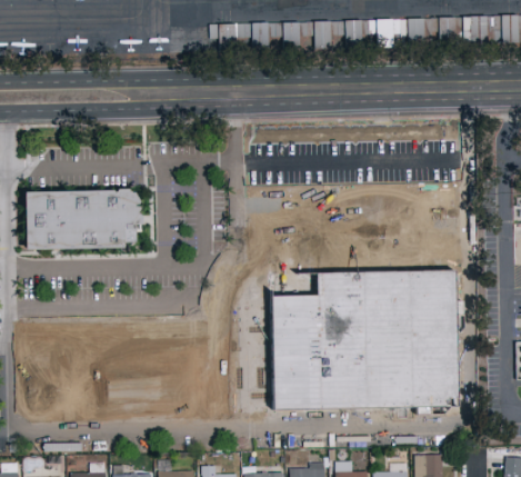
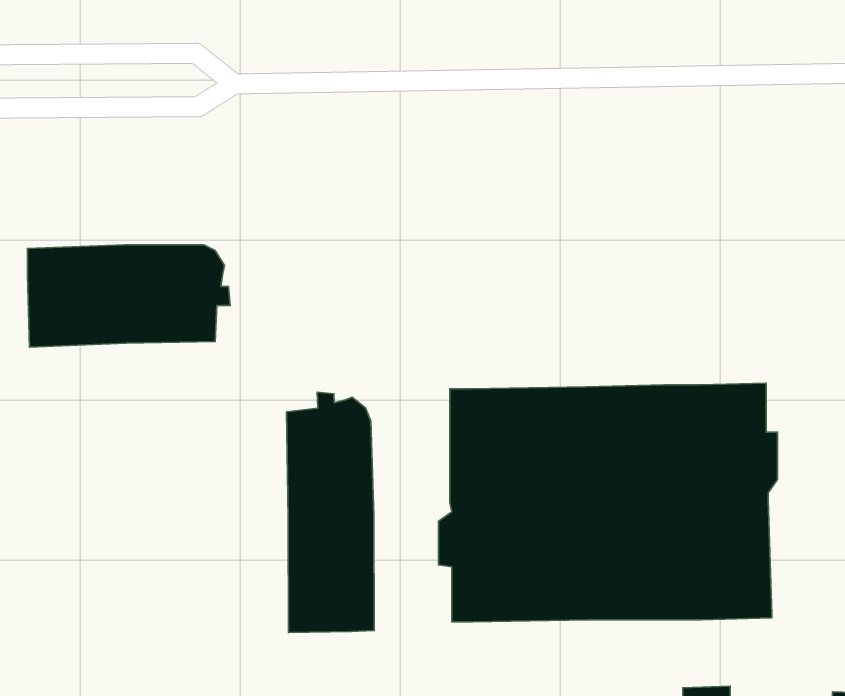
building: none -> [287,392,374,632]

